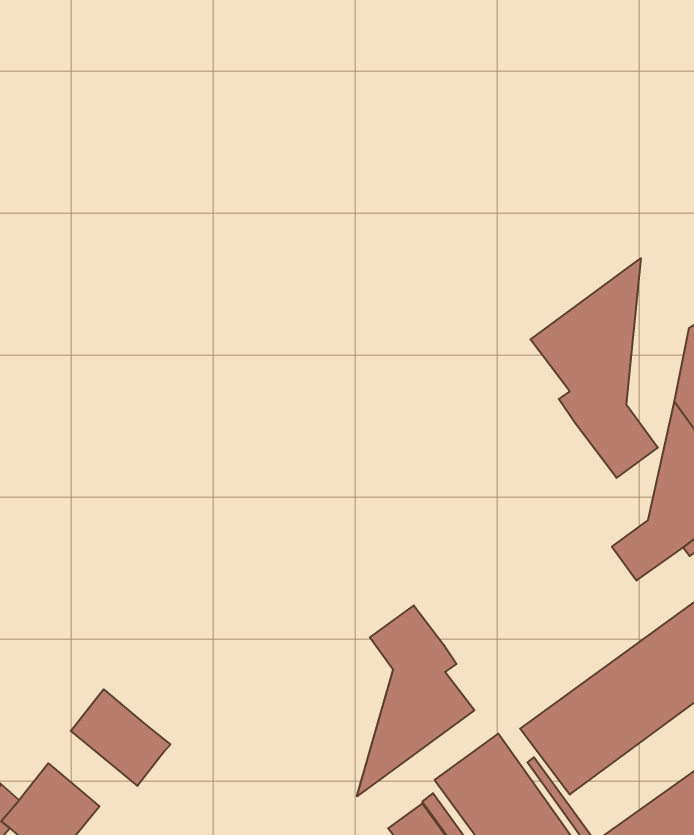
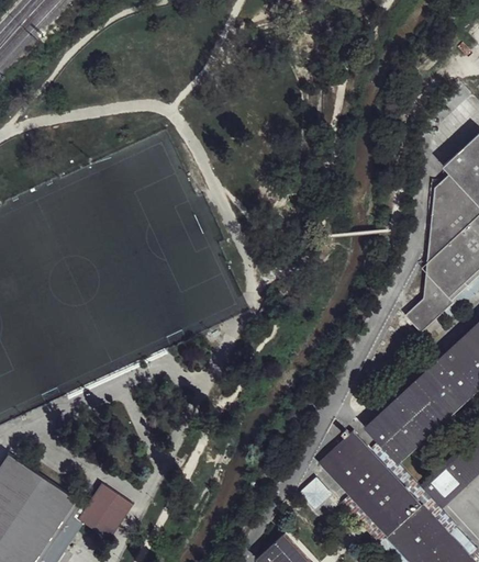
building: [530,258,658,478] -> none
building: [357,605,474,796] -> none
building: [71,689,170,786] -> none

